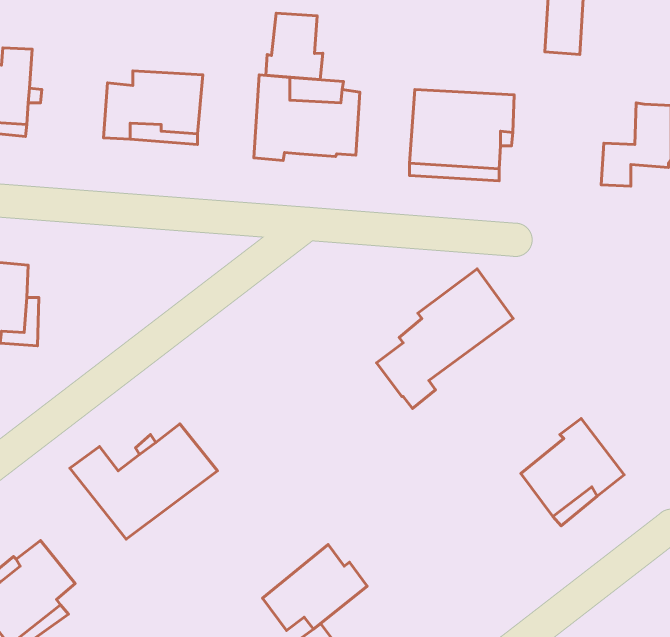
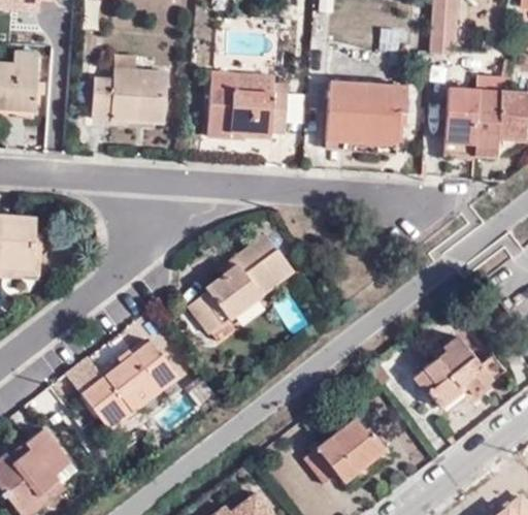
building: [266,13,323,79] -> none
building: none -> [443,88,500,159]
building: [376,269,513,409] -> [188,233,293,341]
building: [262,545,367,630] -> [304,417,385,483]

